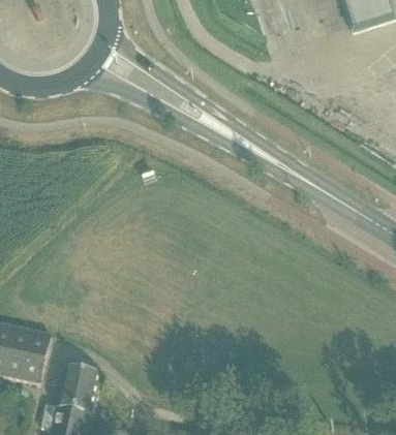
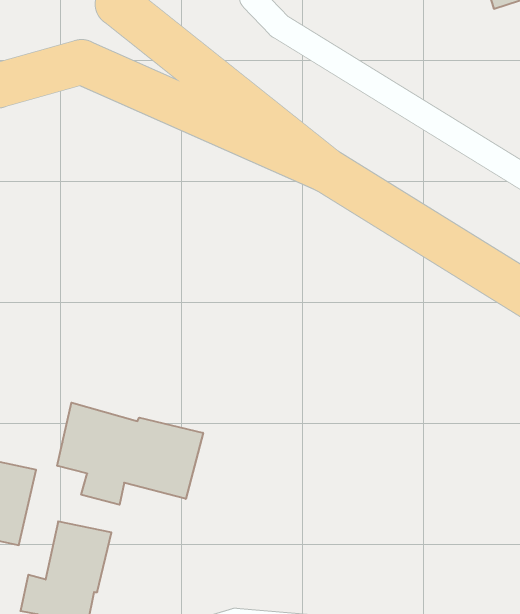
building: none -> [57,403,203,505]

